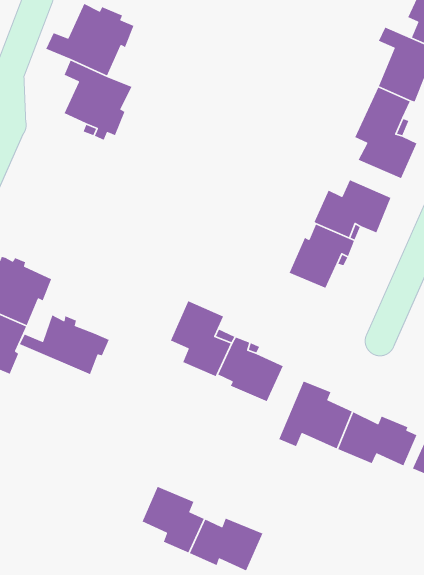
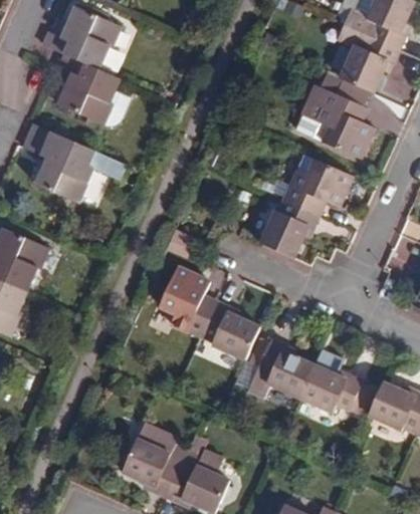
building: none -> [22,123,126,201]
building: [19,314,110,375] -> none

